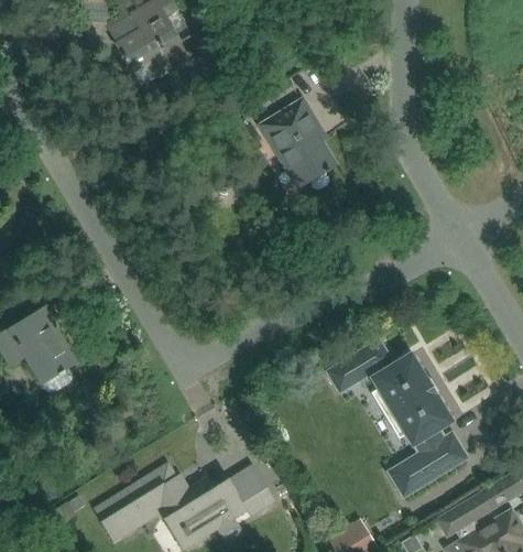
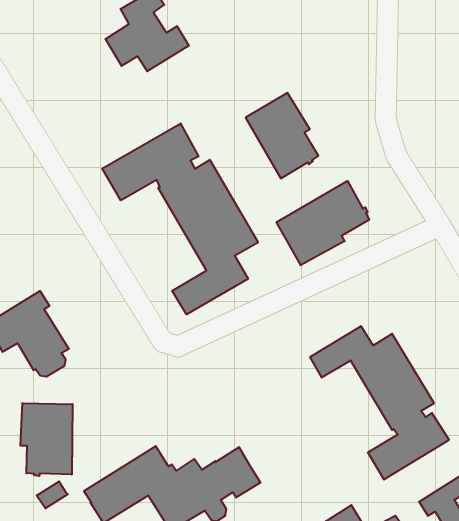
building: none -> [102,123,258,314]
building: none -> [276,181,369,265]
building: none -> [21,403,73,476]

